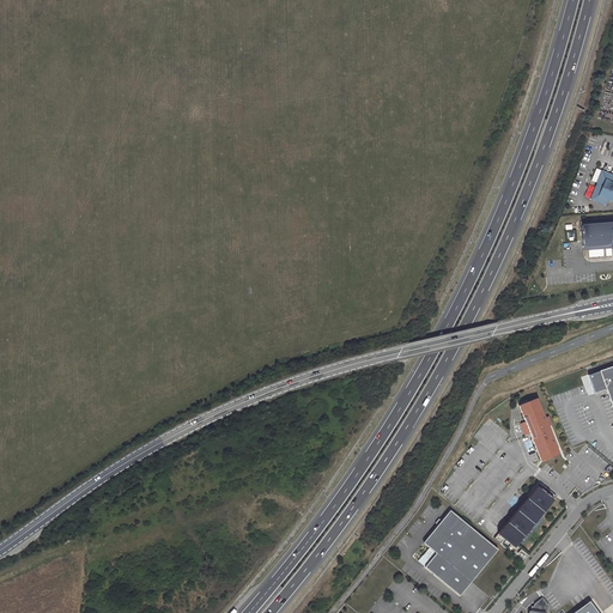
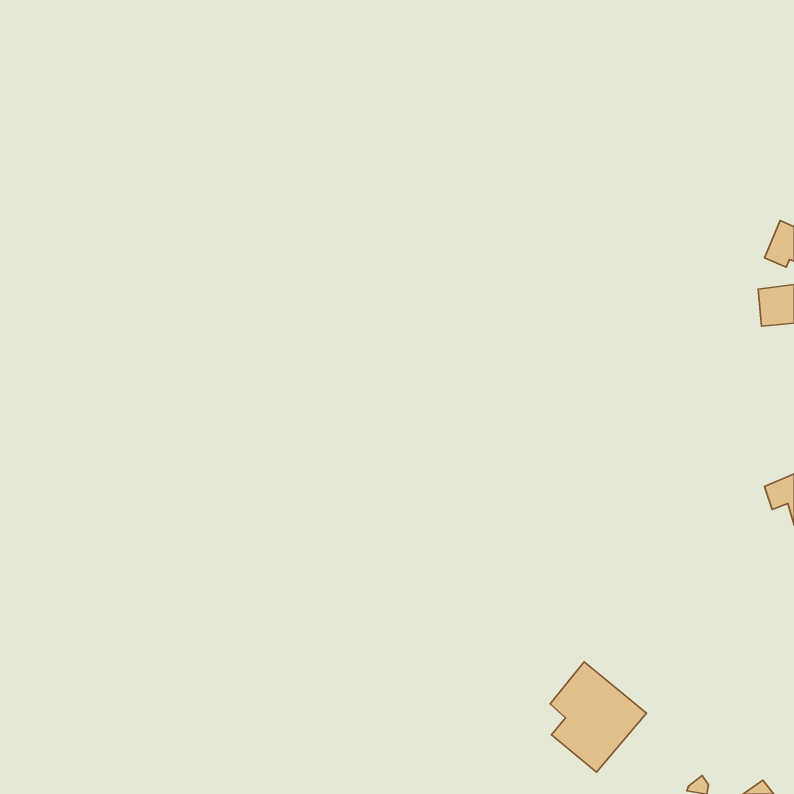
building: [521,400,562,461] -> none
building: [498,486,553,547] -> none

